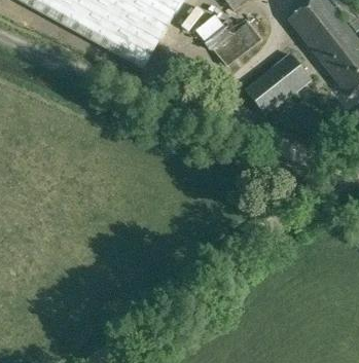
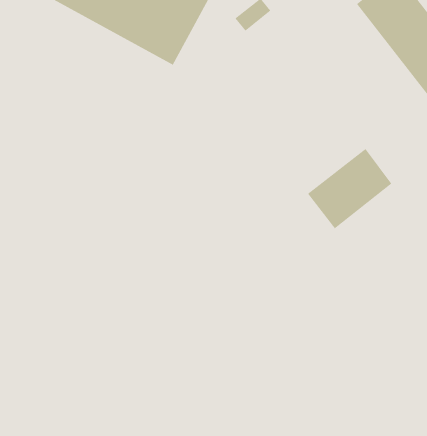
building: [213,19,261,64] -> none
building: [244,49,311,113] -> [307,148,392,229]

